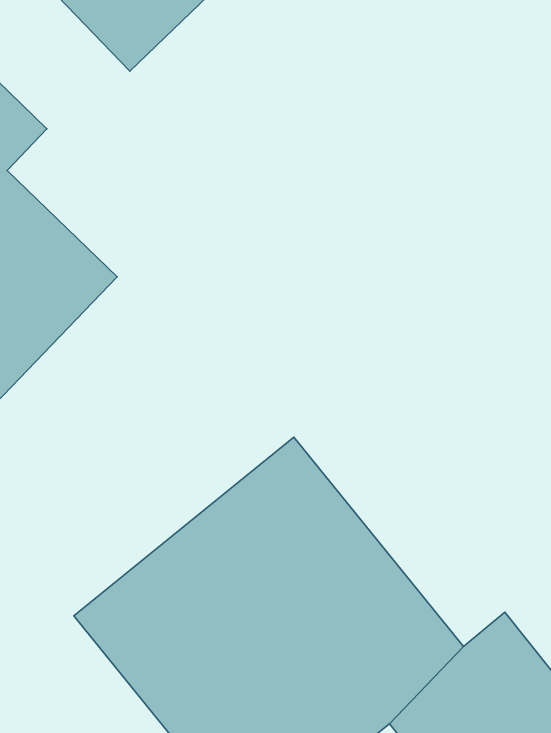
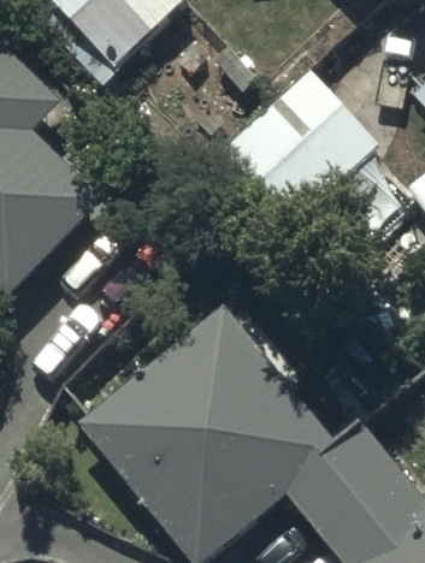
building: none -> [219,70,377,226]

